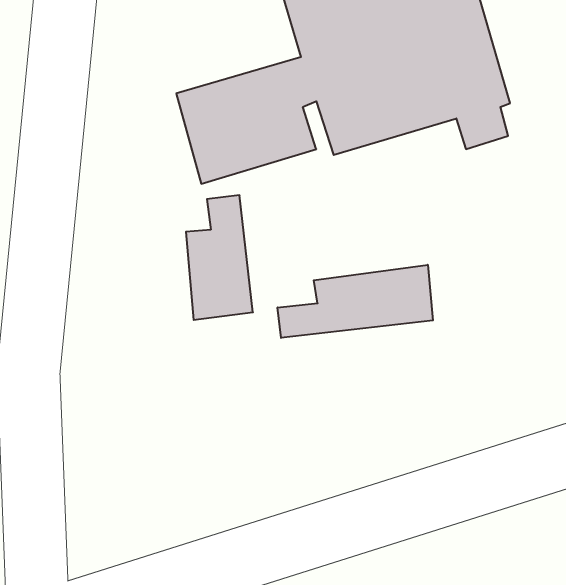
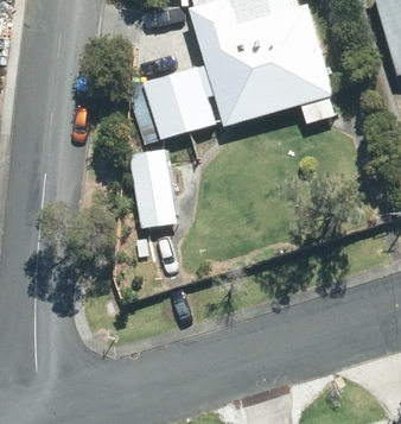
building: [278,265,433,338] -> none

